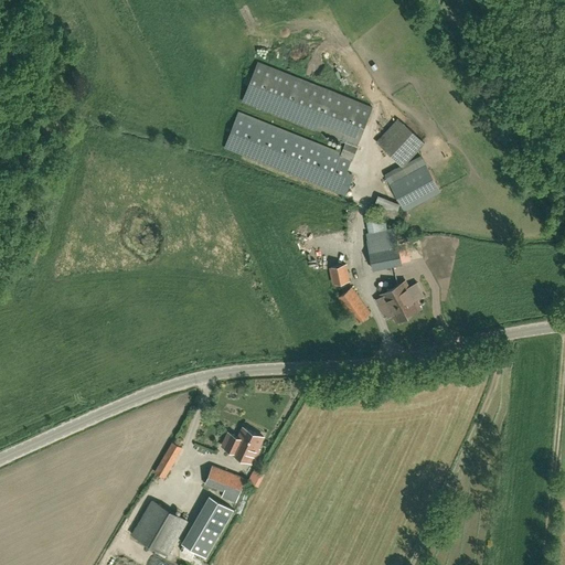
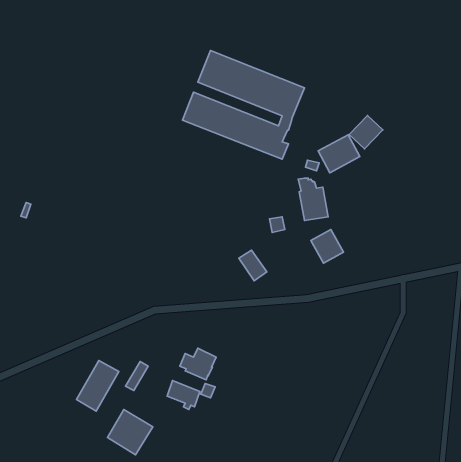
building: [384,127,425,168] -> [349,115,383,149]
building: [334,285,369,322] -> [239,250,267,281]
building: [181,495,233,557] -> [76,361,119,411]

